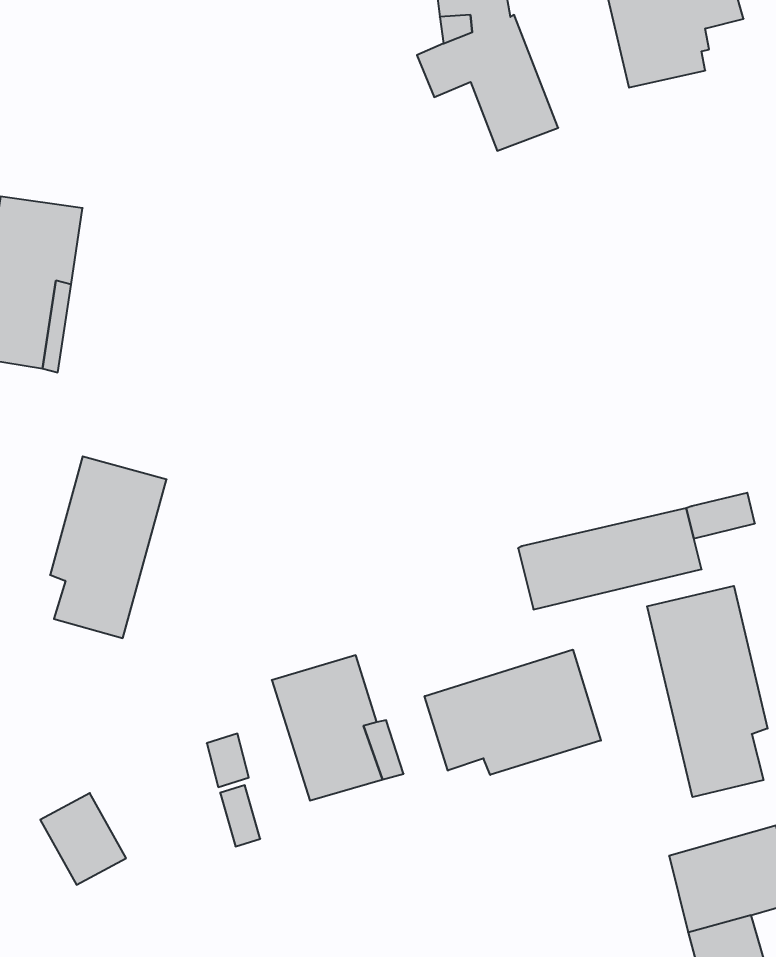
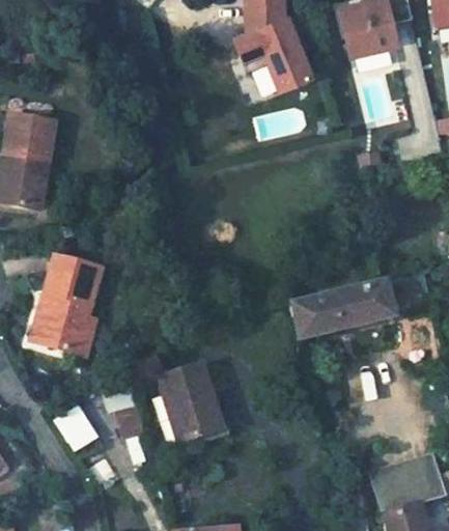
building: [647,586,768,797] -> none
building: [425,650,601,775] -> none
building: [40,793,126,885] -> [56,403,103,453]

